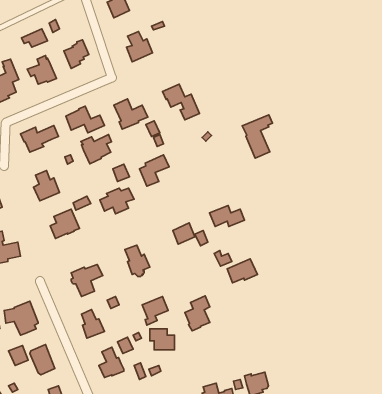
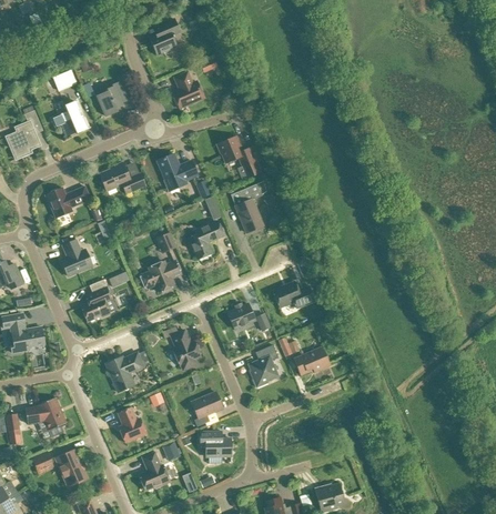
building: [242,115,273,158] -> [230,181,266,233]
building: [81,135,111,164] -> none
building: [185,296,210,331] -> [247,344,277,386]

